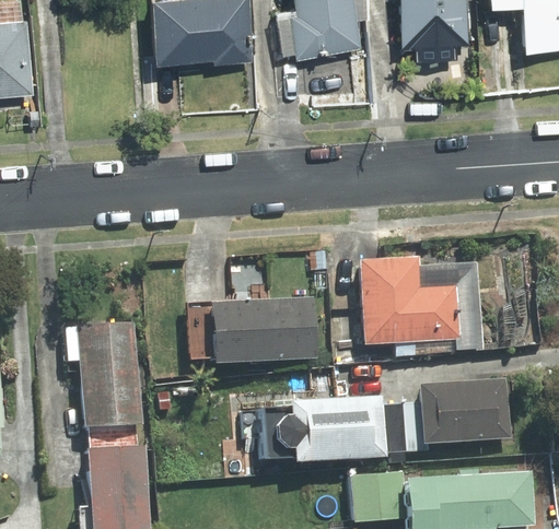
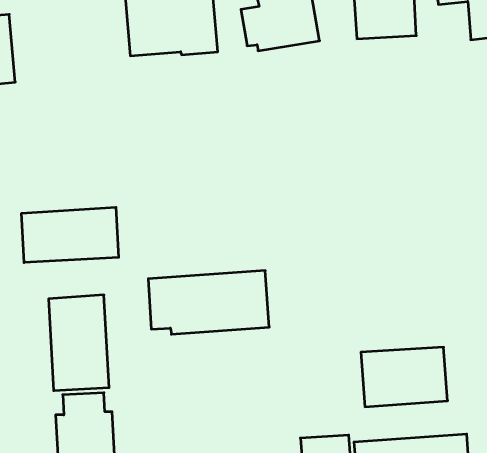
building: none -> [22,207,119,263]
building: [354,260,485,356] -> none
building: [256,397,403,462] -> none

